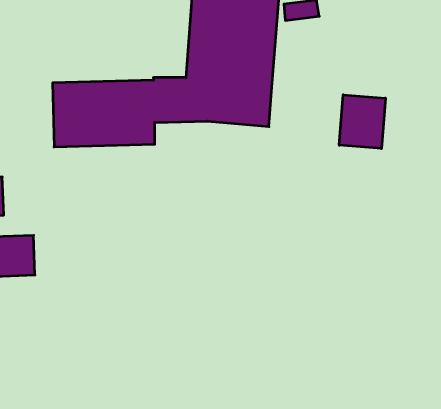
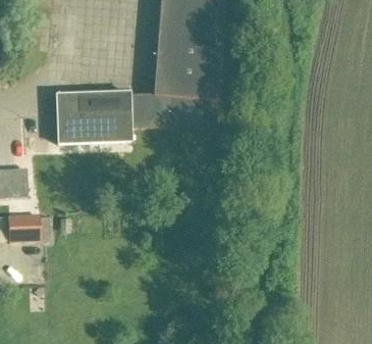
building: [339,95,385,149] -> none

